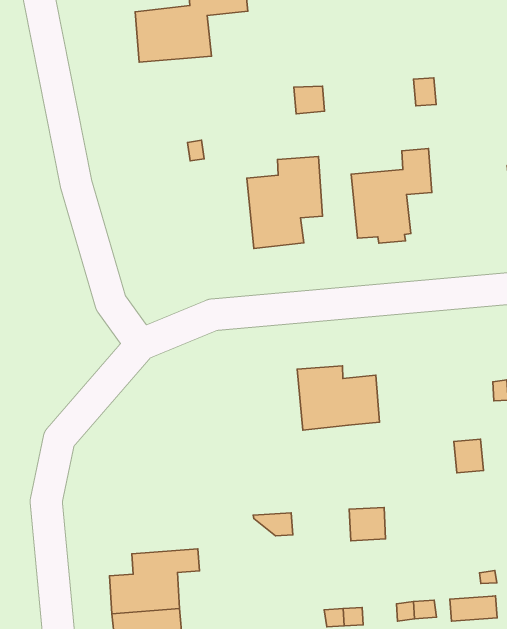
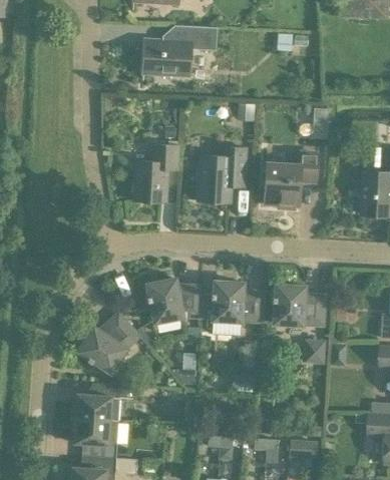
building: none -> [131,143,179,202]
building: none -> [273,285,324,325]
building: none -> [146,279,202,322]
building: none -> [76,314,138,372]

